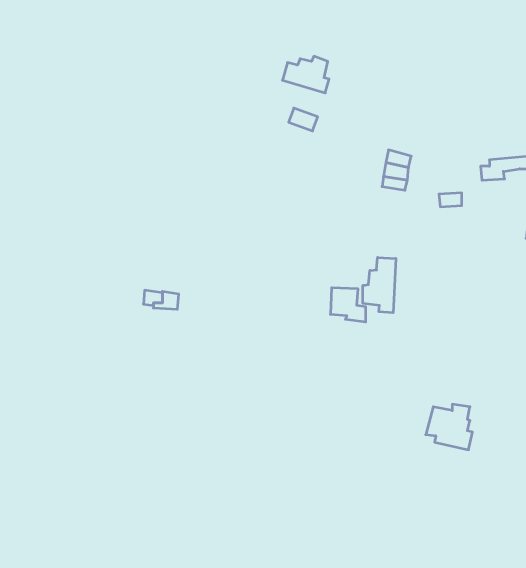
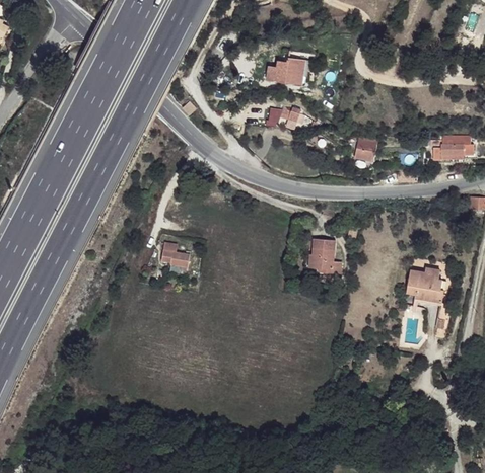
building: [363,257,396,313] -> none
building: [426,404,472,450] -> [404,272,441,309]

